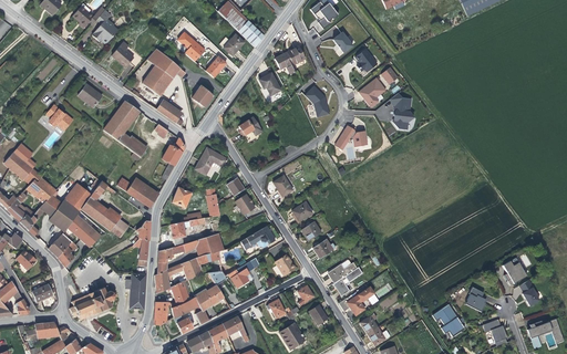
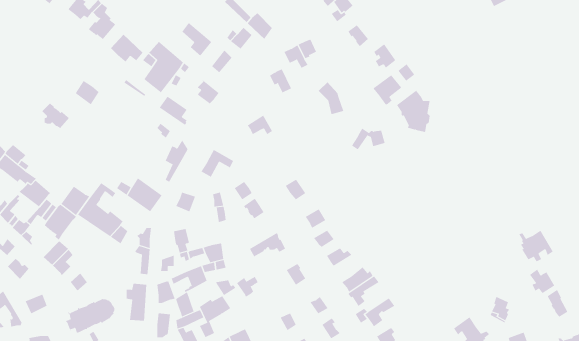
building: [102,101,148,157] -> none
building: [66,215,101,247] -> none
building: none -> [518,230,553,262]

